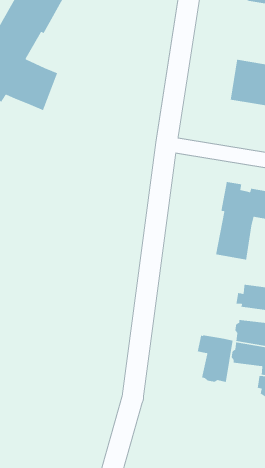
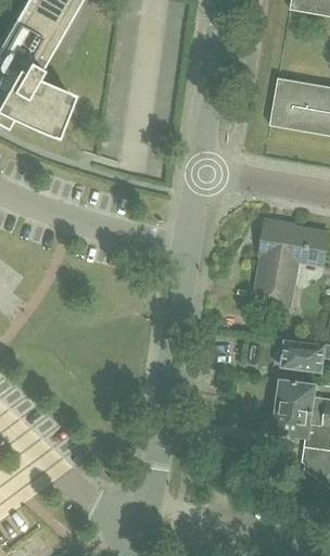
building: [197,335,234,383] -> none

